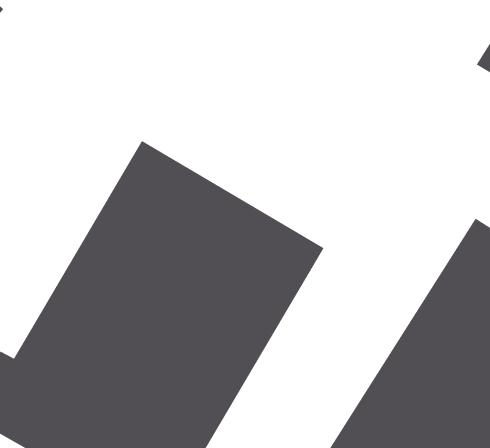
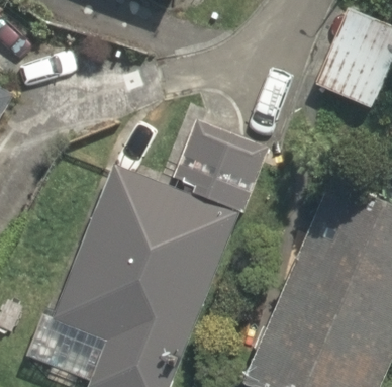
building: none -> [170,118,270,212]

